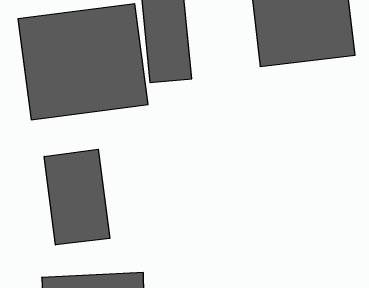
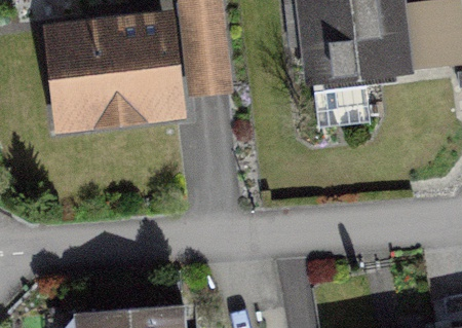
building: [44,149,110,245] -> none

